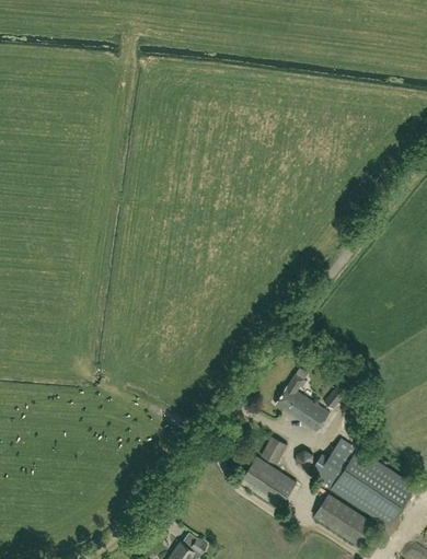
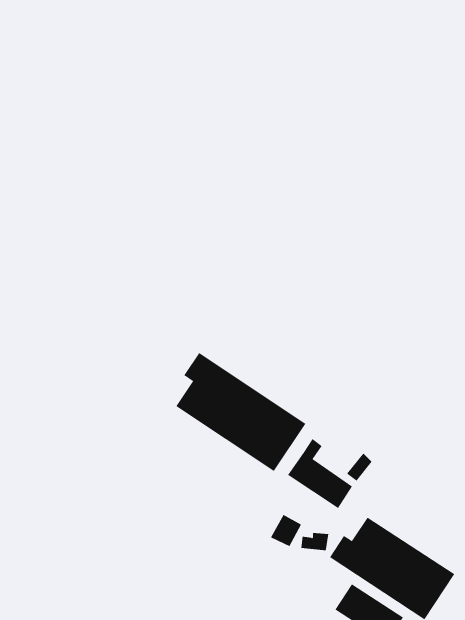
building: none -> [176,352,306,472]
building: [240,457,297,508] -> none

